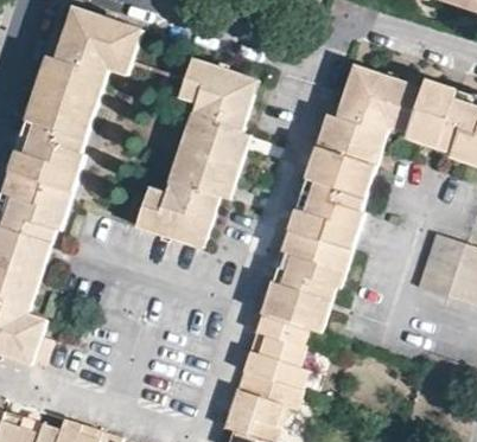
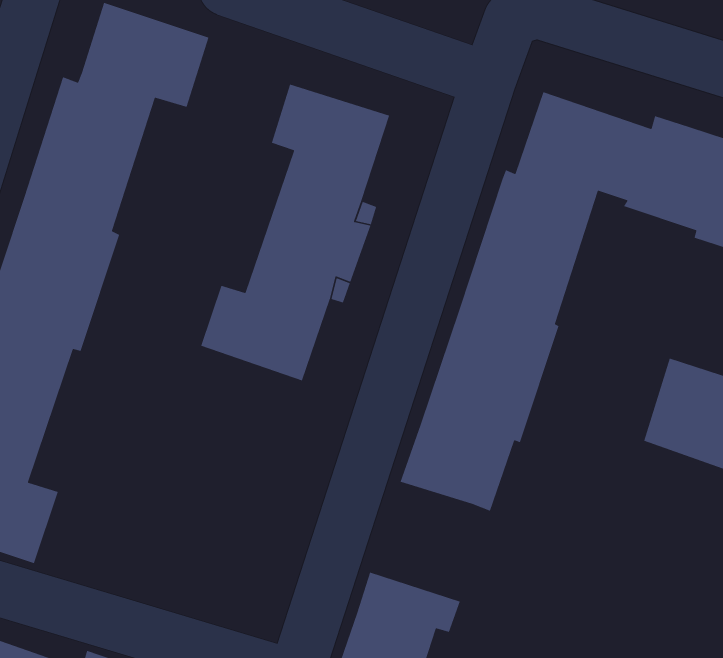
building: [243,313,309,389] -> none

